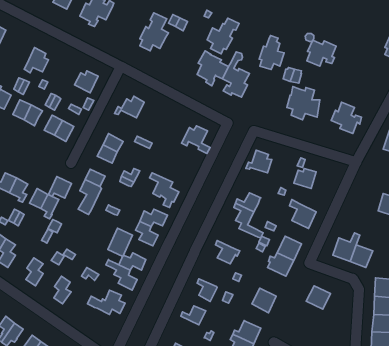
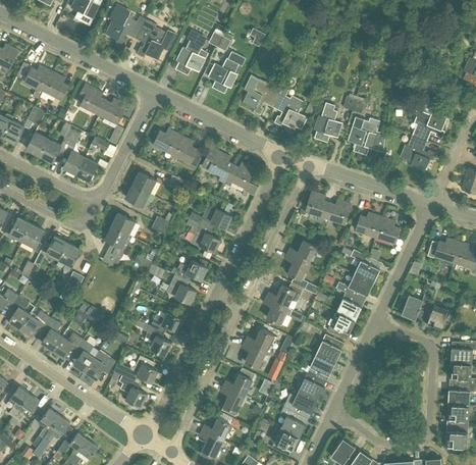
building: none -> [136,23,175,59]
building: [207,18,239,54] -> [208,51,246,93]
building: [259,36,284,69] -> [313,102,342,142]
building: [307,40,336,66] -> [412,110,446,141]
building: none -> [22,64,52,90]
building: none -> [76,83,106,114]
building: none -> [171,135,204,169]
building: none -> [202,147,233,183]
building: none -> [325,199,352,223]
building: none -> [190,203,235,228]
building: none -> [376,216,400,243]
building: [48,177,71,198] -> none
building: none -> [427,237,461,266]
building: none -> [336,273,373,301]
building: [108,228,133,256] -> none
building: none -> [266,282,303,307]
building: none -> [20,310,51,335]
building: none -> [245,329,276,355]
building: none -> [53,331,84,357]
building: none -> [85,349,116,379]
building: [306,286,331,309] -> [316,334,345,362]
building: none -> [298,371,326,400]
building: none -> [119,375,147,406]
building: none -> [220,385,245,416]

